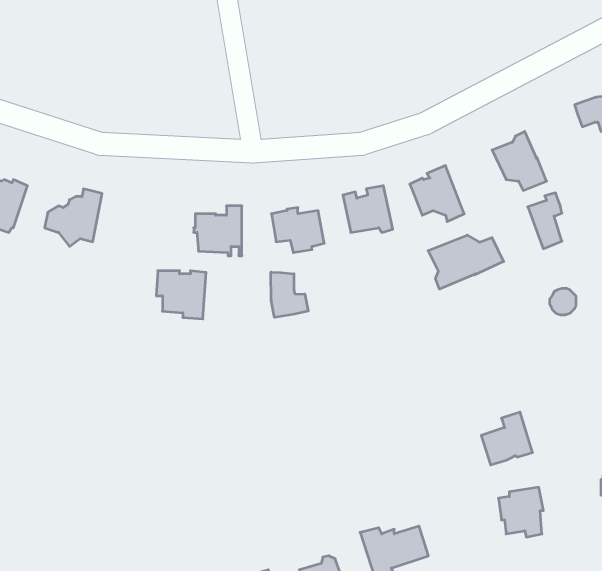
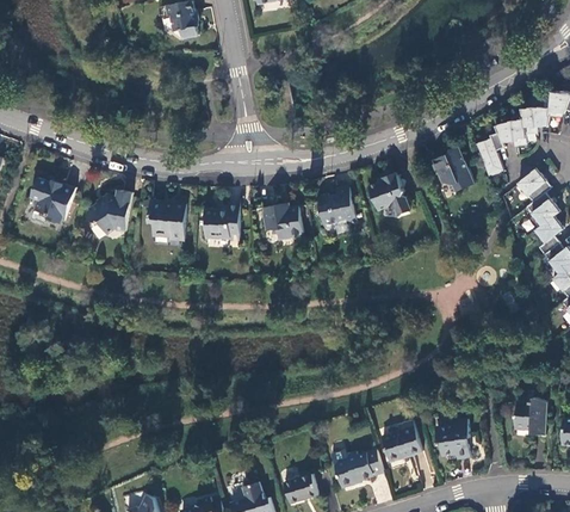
building: [528,193,562,249] -> [475,132,501,175]
building: [428,235,504,289] -> none
building: [156,271,206,319] -> [148,202,186,239]
building: [271,272,308,317] -> none
building: [481,412,533,465] -> [382,420,421,461]

